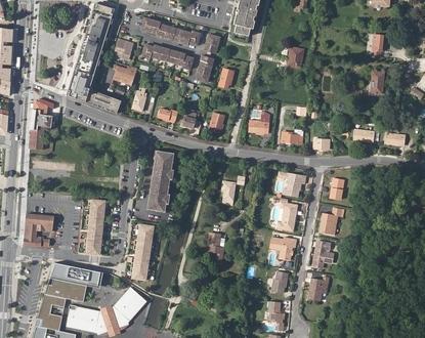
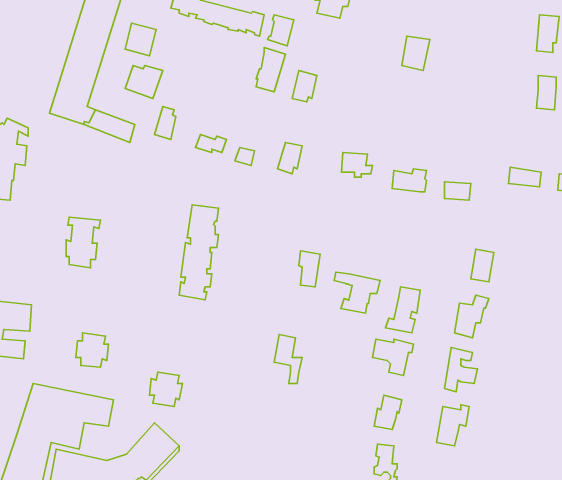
building: [142,43,195,69] -> none
building: [279,171,307,197] -> [334,272,380,313]
building: [86,199,108,230] -> [66,217,100,268]
building: [132,222,155,255] -> none

